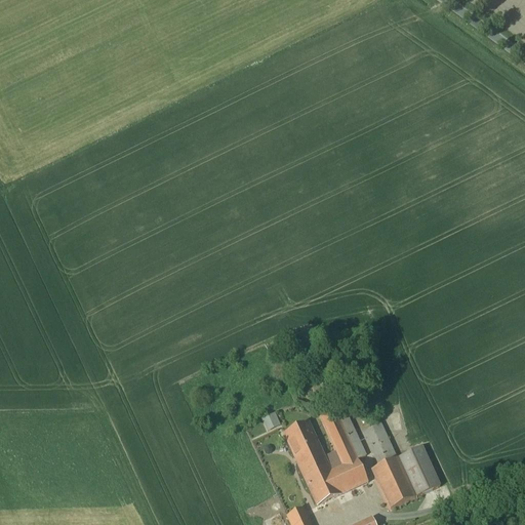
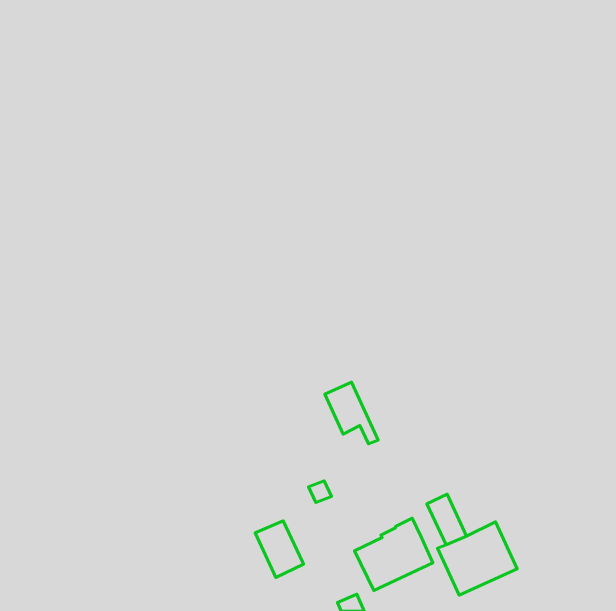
building: [321,404,366,456] -> [325,382,378,444]
building: [284,420,325,469] -> [255,521,304,577]

